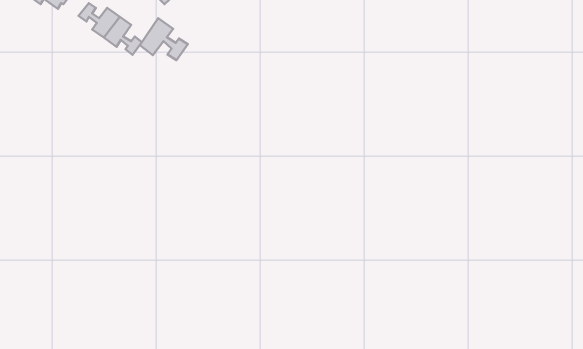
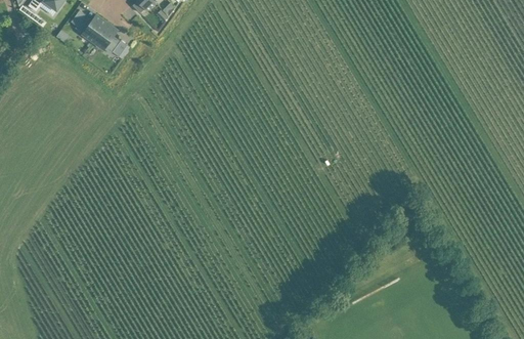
building: [140,18,188,60] -> none

